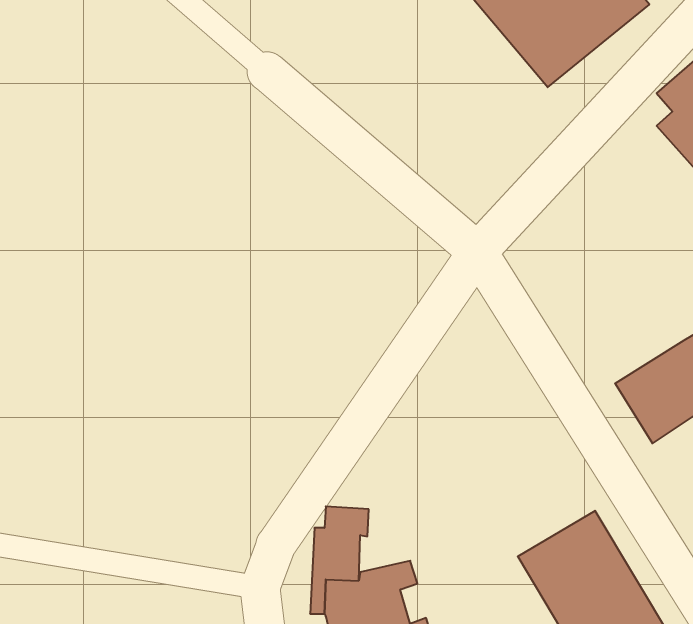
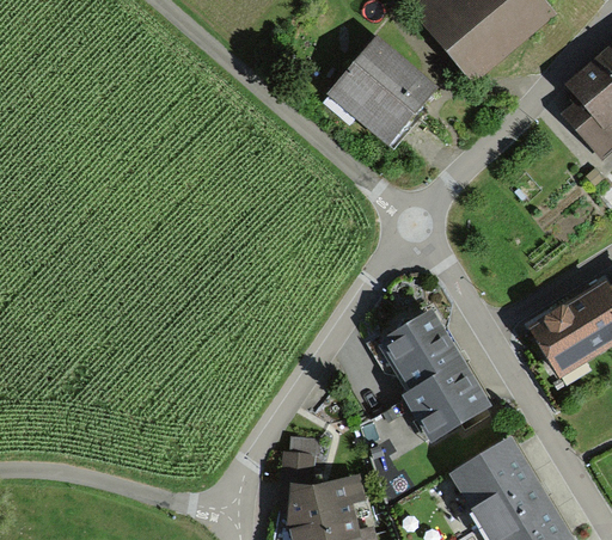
building: none -> [325,35,440,148]
building: none -> [378,308,494,444]

